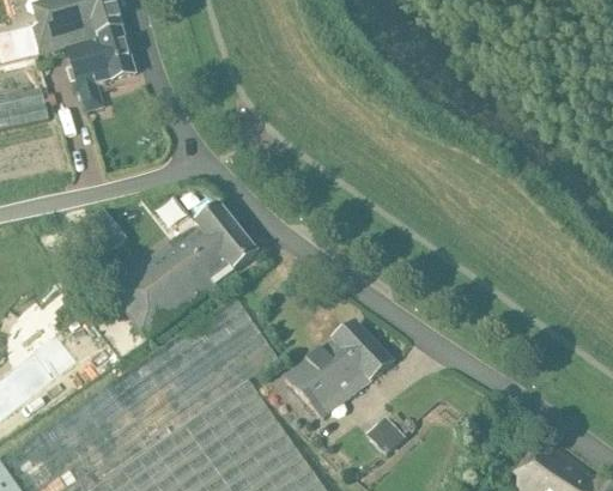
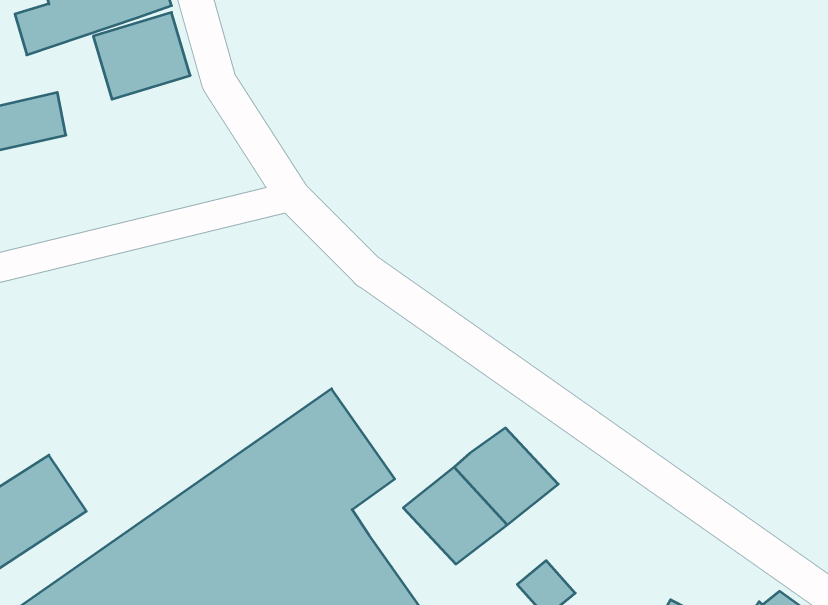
building: [111,207,256,343] -> none

